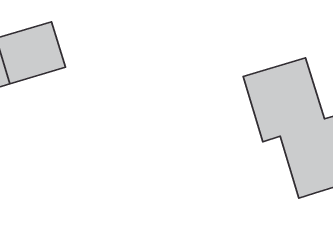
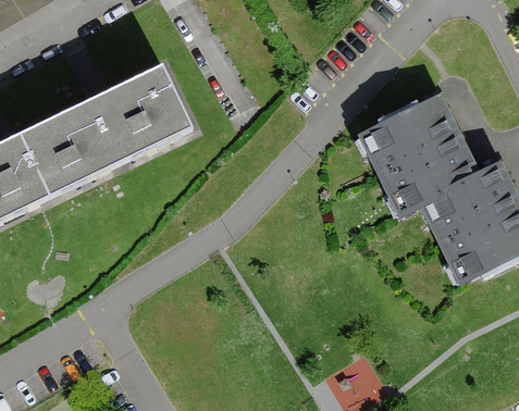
building: none -> [92,66,189,158]

